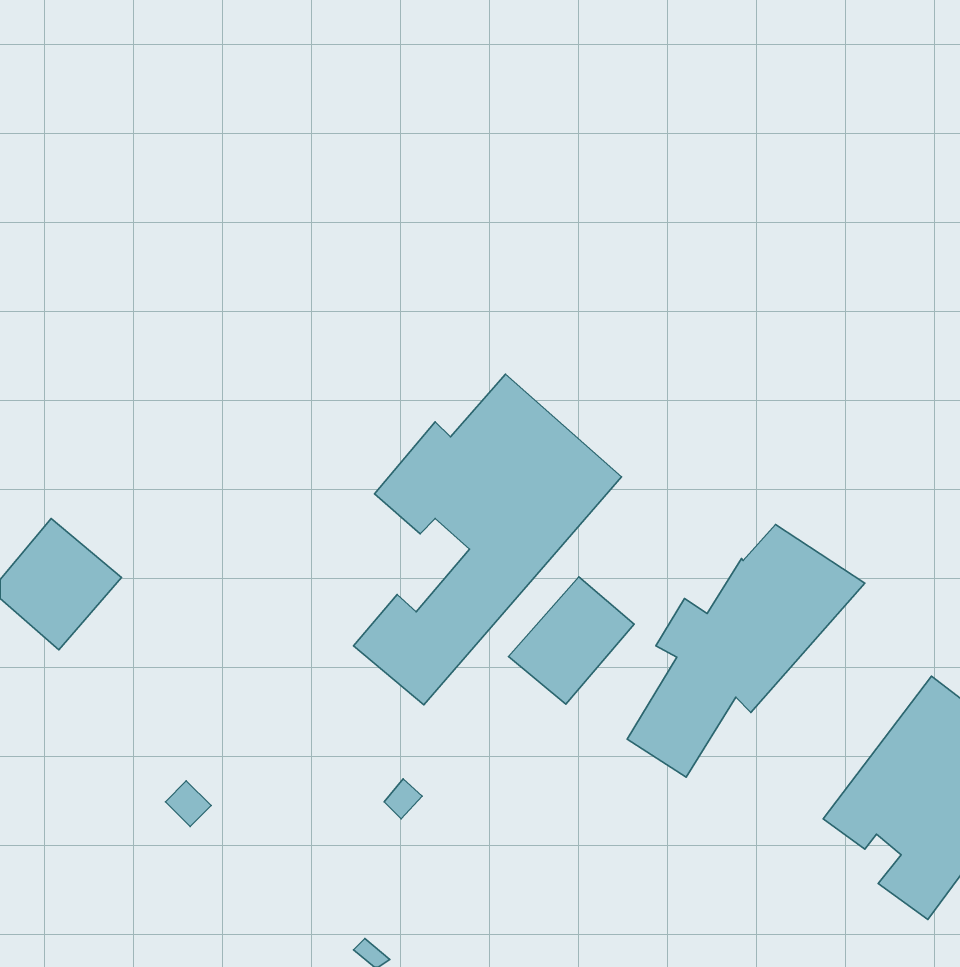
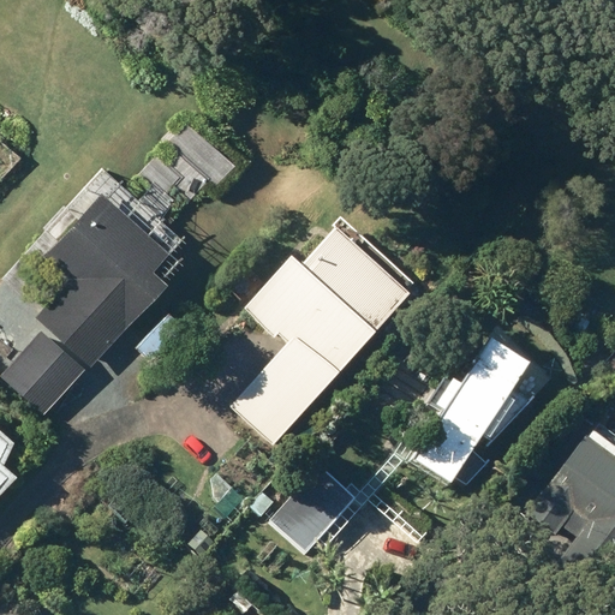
building: none -> [36,173,181,363]
building: [509,577,634,704] -> [271,472,351,553]

